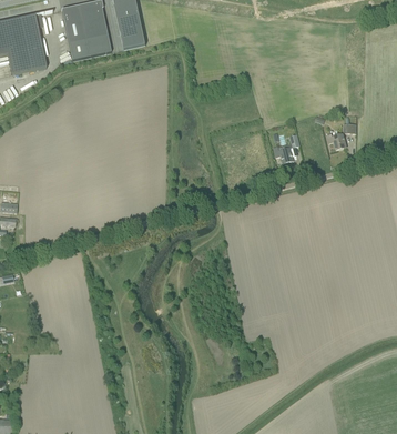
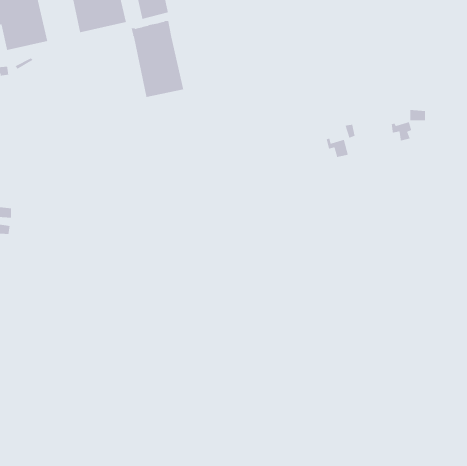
building: none -> [131,18,184,98]

